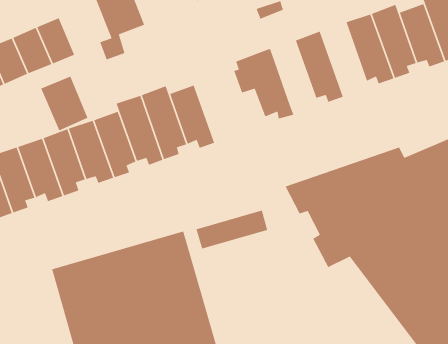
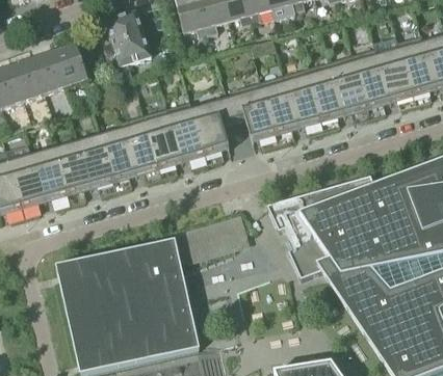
building: none -> [306,60,344,127]
building: none -> [261,74,298,140]
building: none -> [191,98,233,161]
building: [40,76,88,132] -> none

